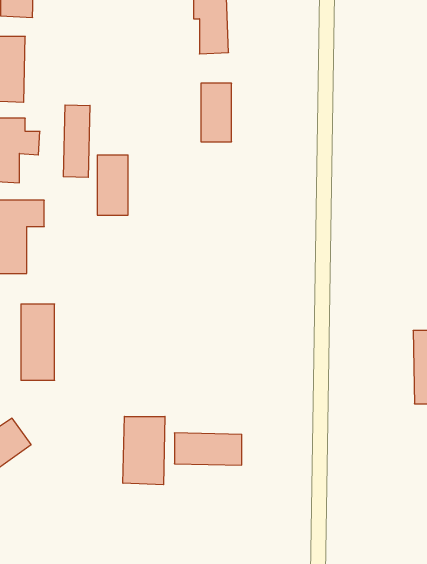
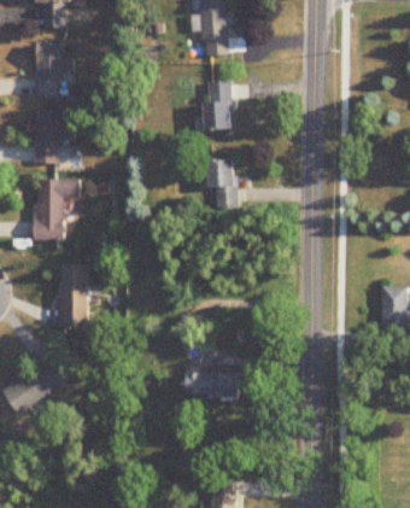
building: [63,105,90,177] -> none
building: [97,155,128,215] -> [212,160,238,210]
building: [123,416,165,485] -> none

